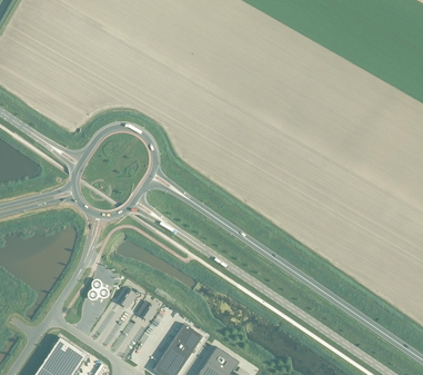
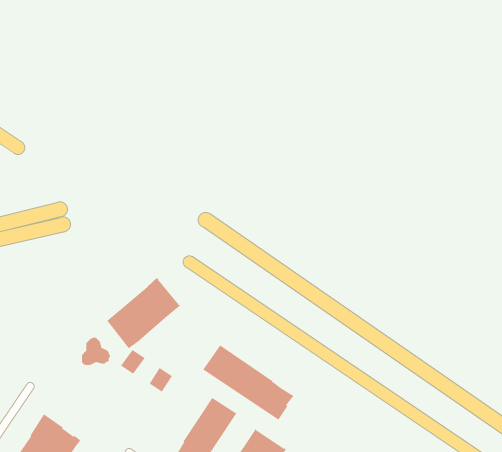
building: none -> [107,277,181,349]
building: none -> [203,345,294,420]

